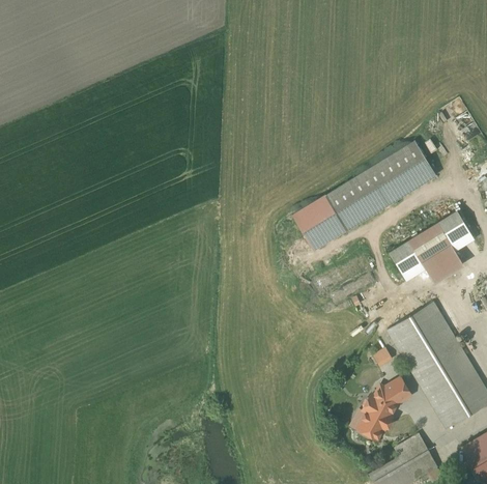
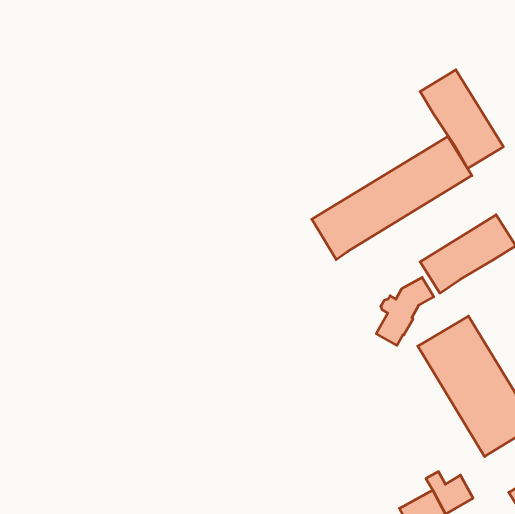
building: none -> [420,70,503,169]
building: [426,252,463,282] -> none
building: [360,378,411,439] -> [376,277,434,345]

